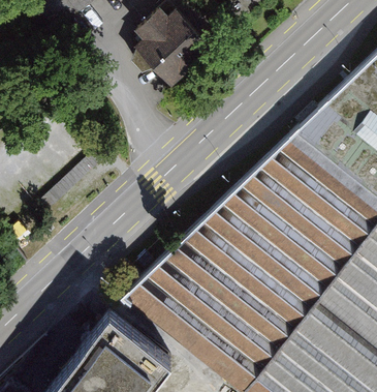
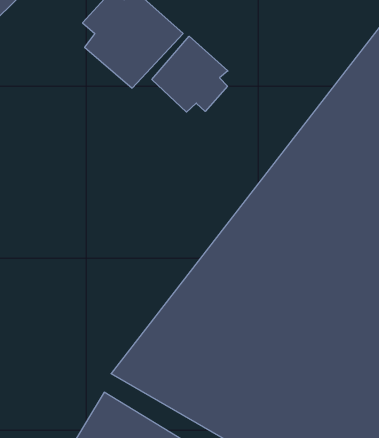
building: none -> [152,36,228,112]

